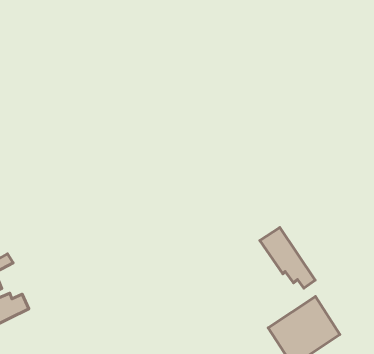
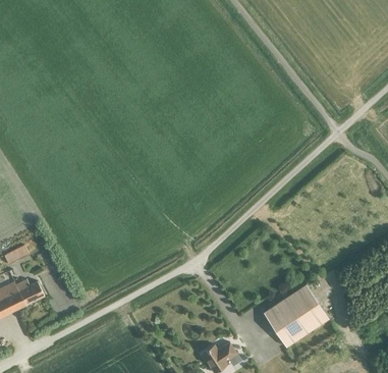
building: [260,227,315,288] -> none

